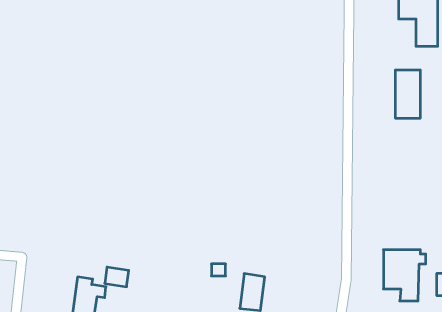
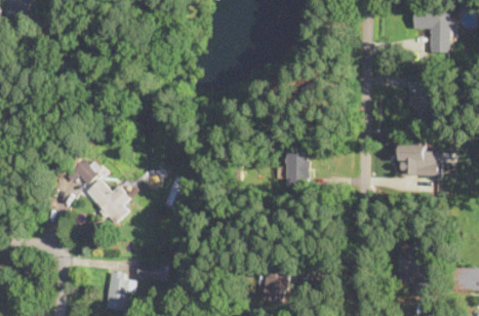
building: none -> [400,147,435,175]
building: none -> [285,150,308,186]
building: none -> [67,159,98,185]
building: none -> [85,185,131,227]

